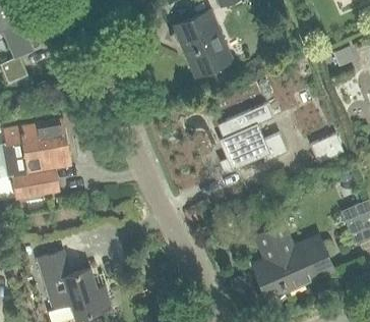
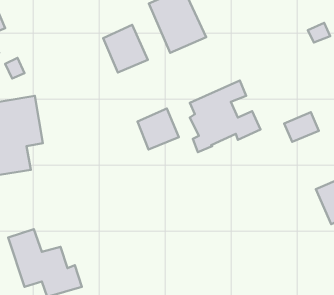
building: none -> [103,25,148,72]
building: none -> [137,108,179,149]
building: [254,222,333,298] -> none

